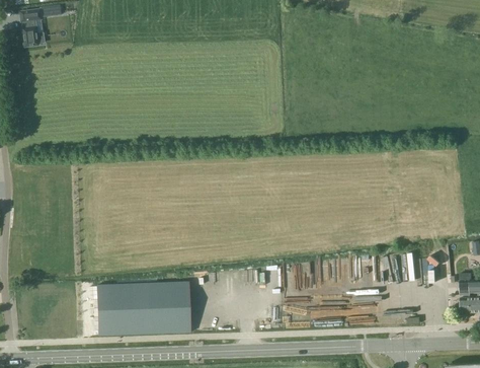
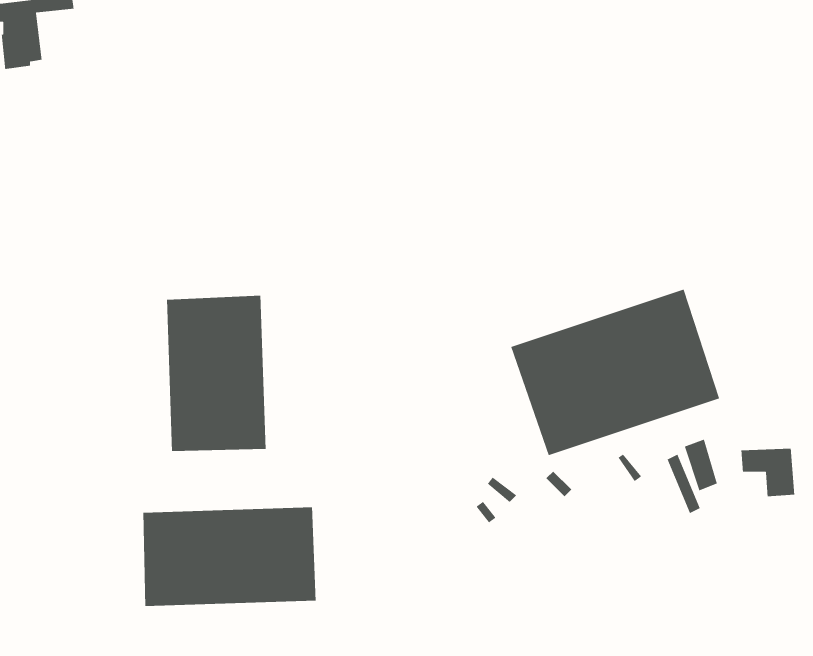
building: none -> [510,288,720,456]
building: none -> [166,295,266,452]

